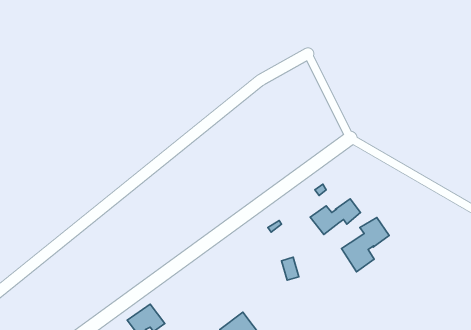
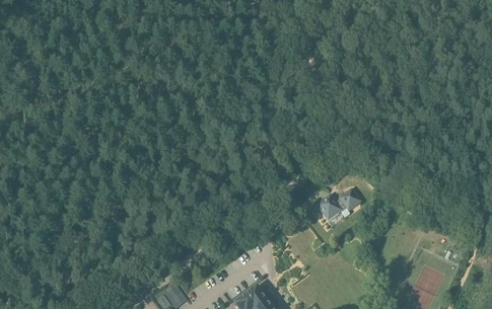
building: [341,217,389,272] -> none

